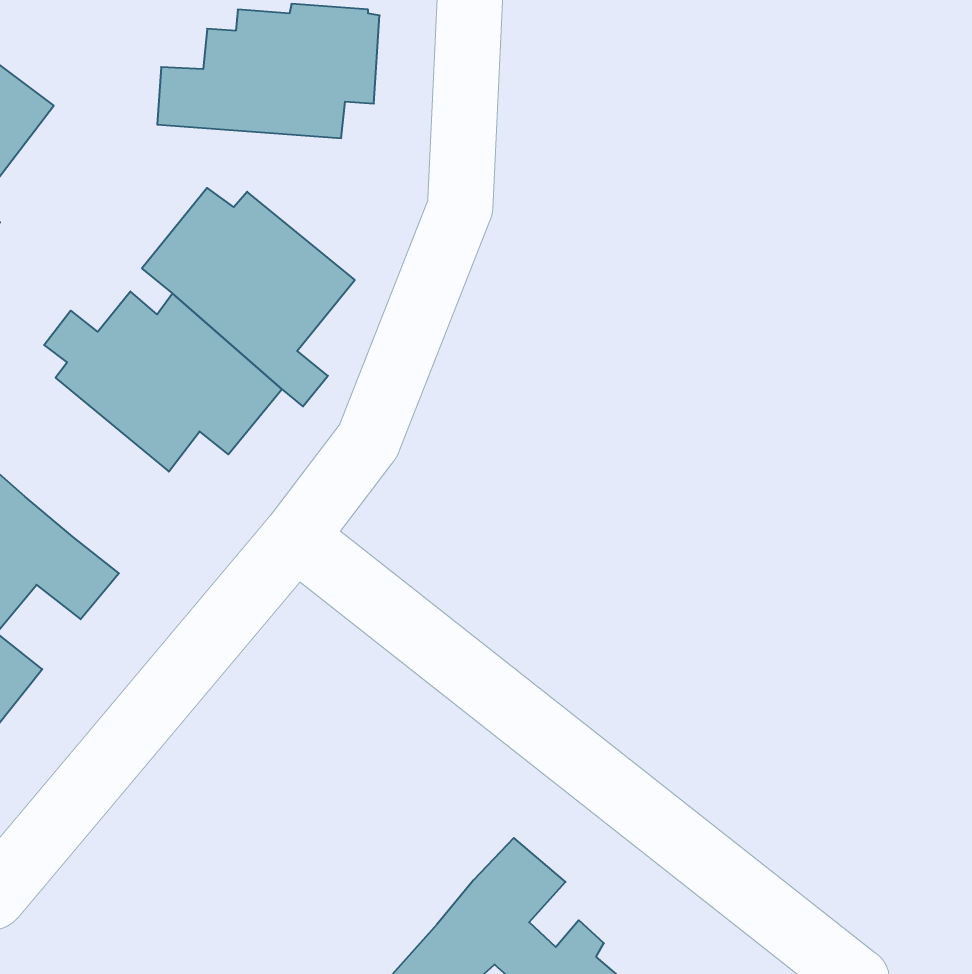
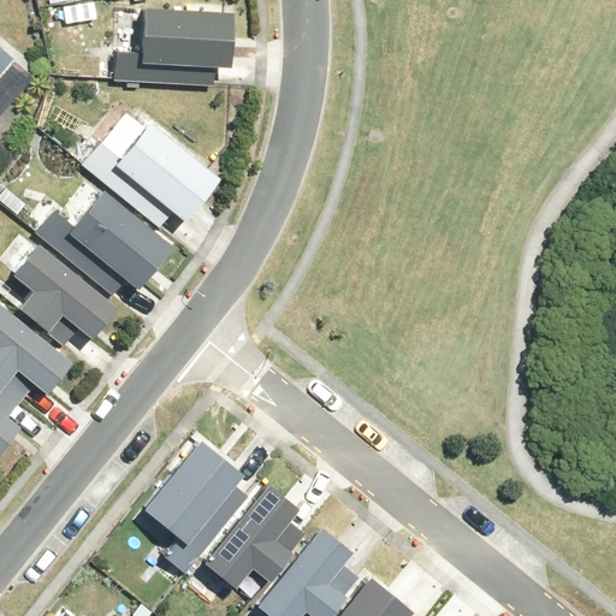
building: none -> [10,241,118,340]
building: none -> [143,444,236,571]
building: none -> [203,487,301,590]

